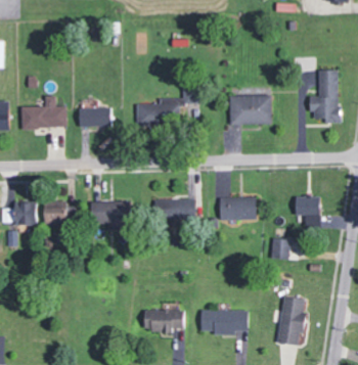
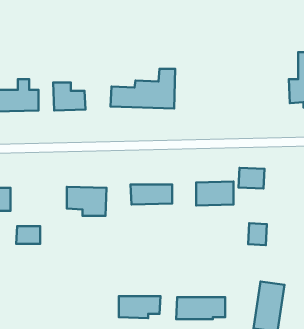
building: [230,94,272,124] -> none
building: [296,195,321,216] -> [238,168,264,189]
building: [45,208,69,225] -> [16,226,40,244]

